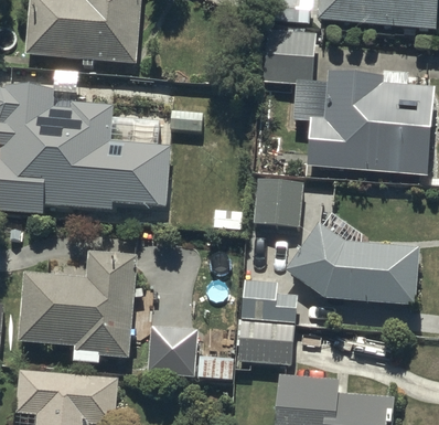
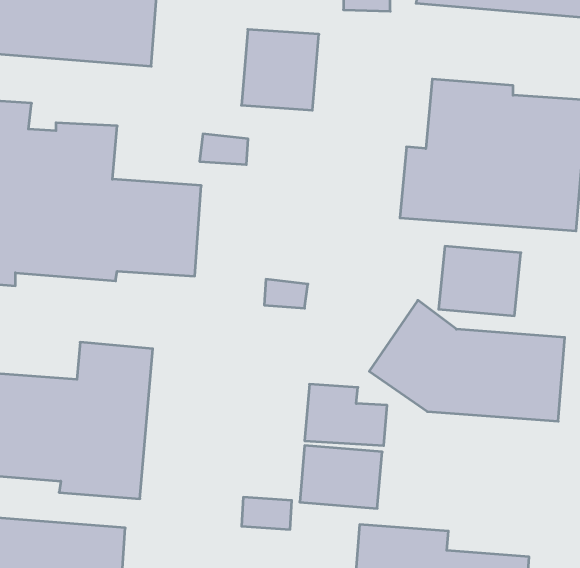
building: [263,29,315,84] -> [241,29,319,110]
building: [246,178,302,225] -> [439,246,521,316]
building: [148,326,197,376] -> none

